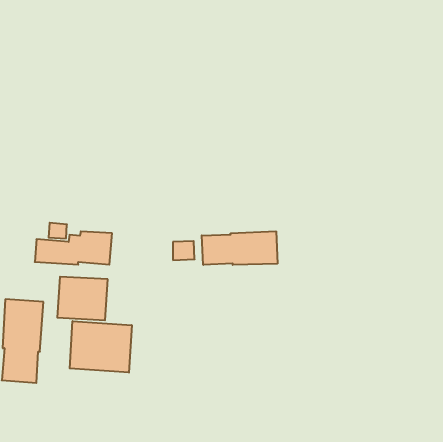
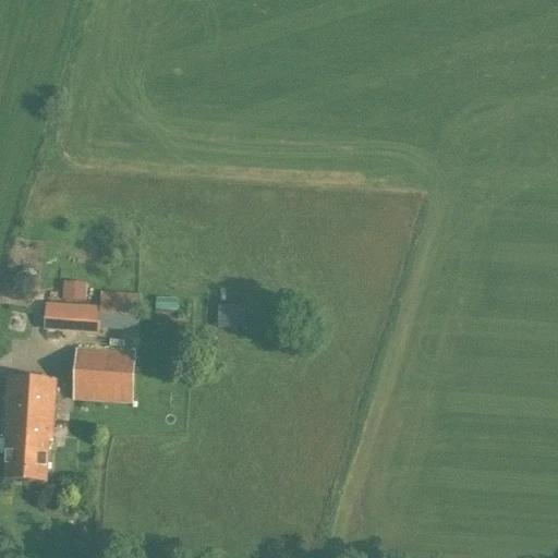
building: [202,231,277,265] -> none
building: [70,321,132,373] -> none

